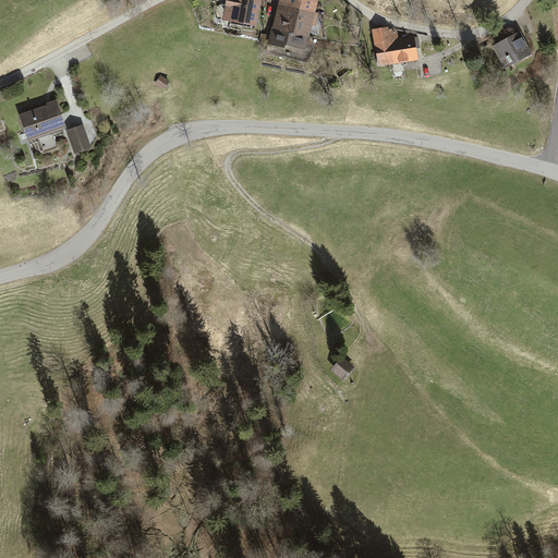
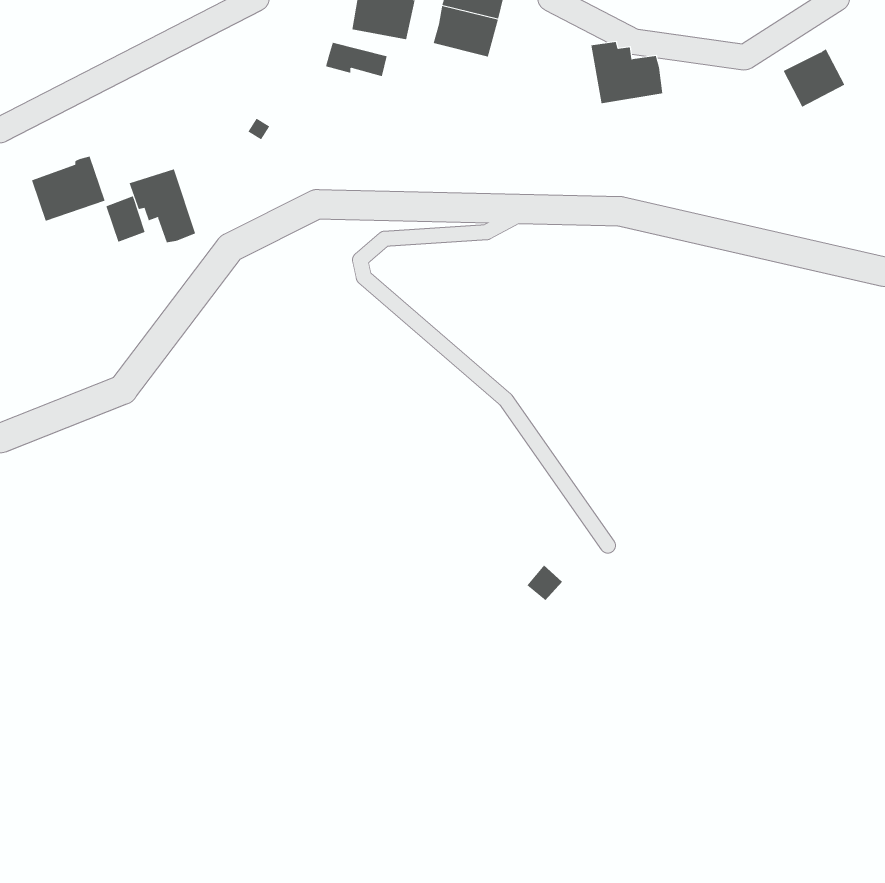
building: [268,27,307,49] -> [325,42,388,77]
building: none -> [129,168,196,243]

